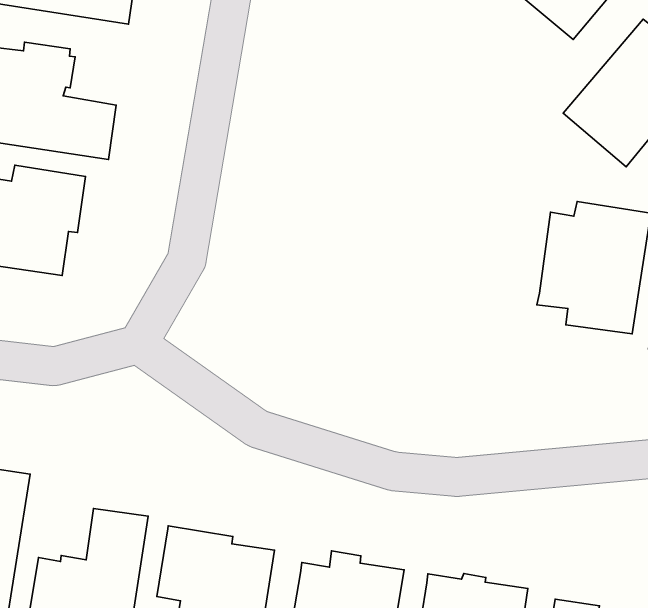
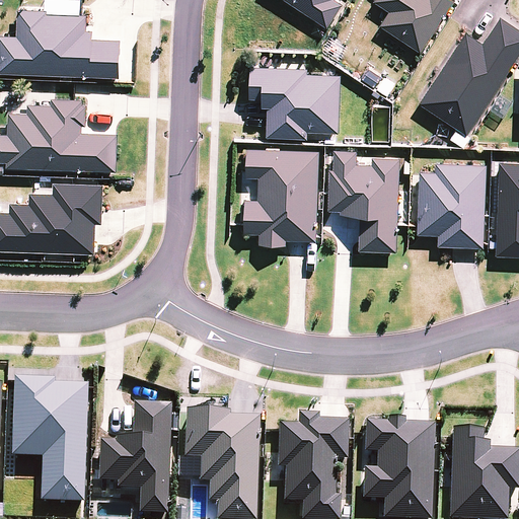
building: none -> [249,67,341,140]
building: none -> [244,148,319,245]
building: none -> [328,150,399,251]

